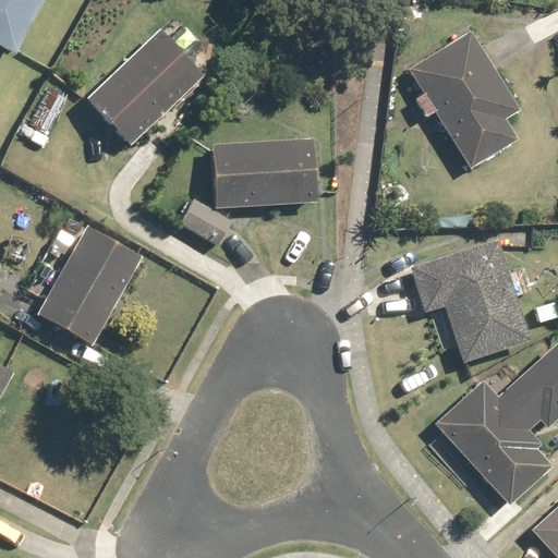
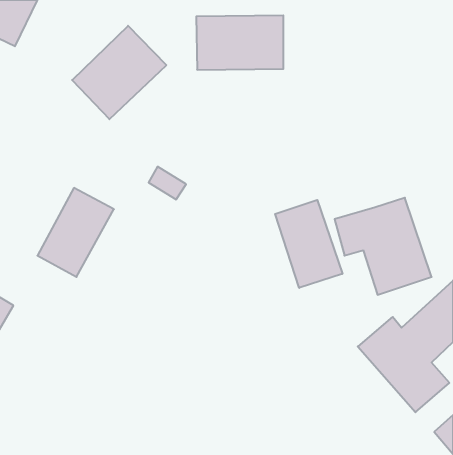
building: [409,34,519,167] -> none
building: [211,138,318,205] -> [196,15,283,70]
building: none -> [275,200,342,288]

